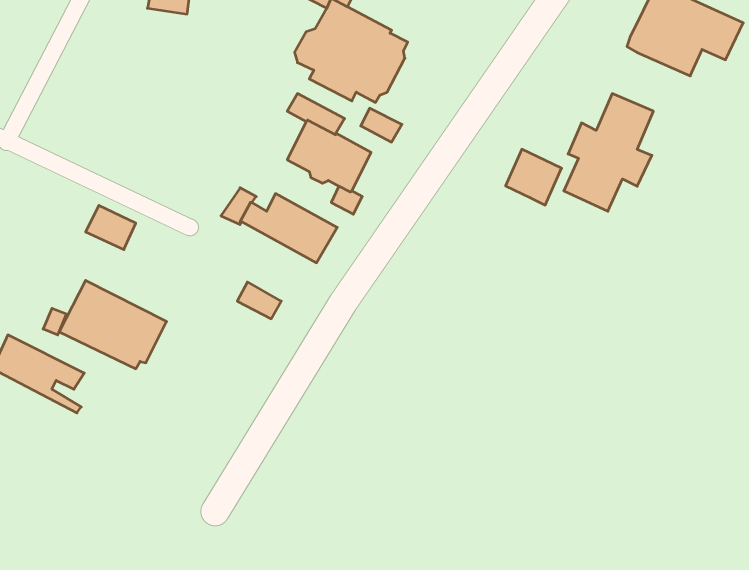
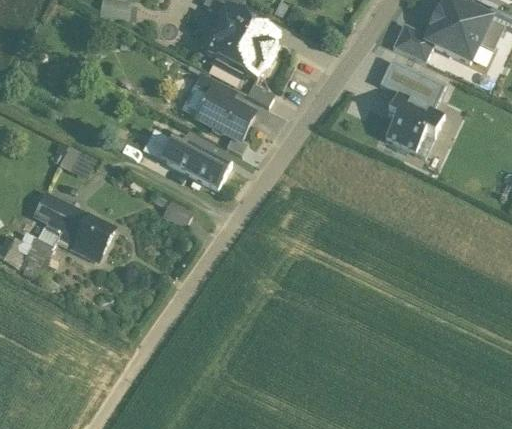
building: none -> [392,23,434,62]
building: [506,149,562,205] -> [379,60,417,98]

